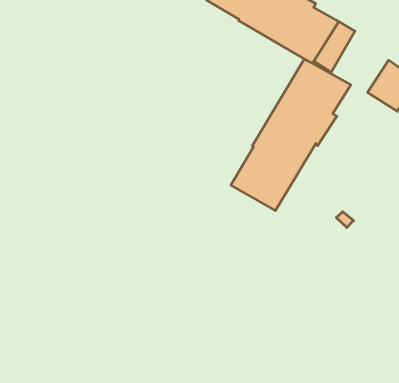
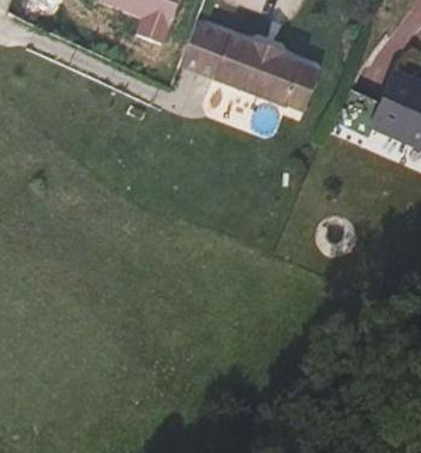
building: [231,59,351,211] -> none

